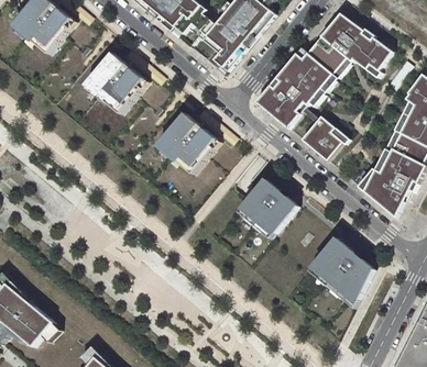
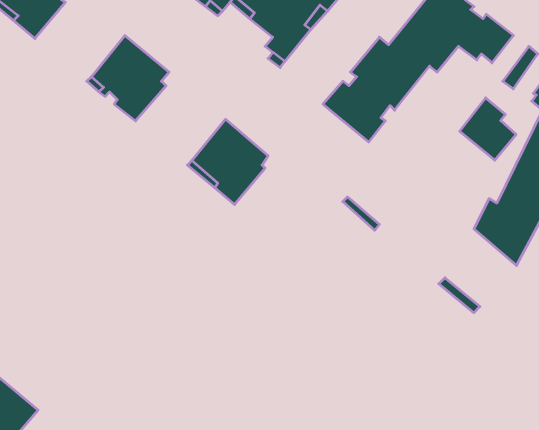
building: [302,115,342,160] -> [460,98,516,160]
building: [239,178,296,237] -> none
building: [309,236,374,308] -> none

